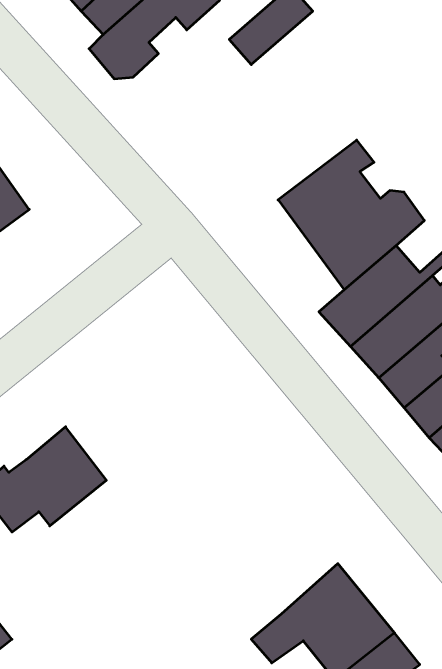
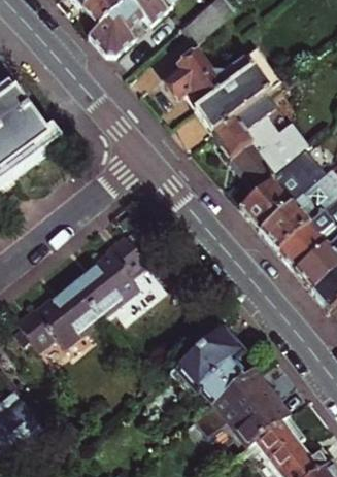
building: none -> [165,55,275,132]
building: none -> [74,234,148,315]
building: none -> [172,326,255,403]

